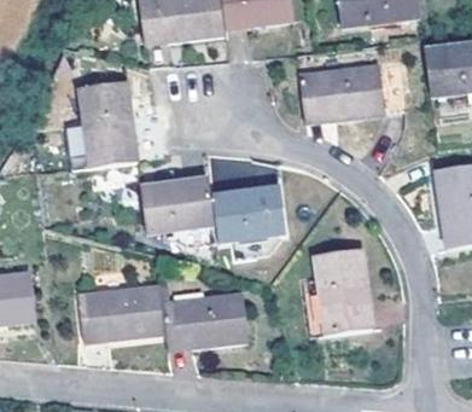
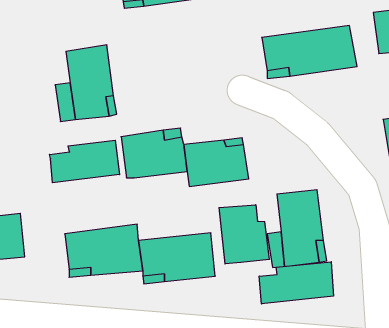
building: none -> [50,140,120,183]
building: none -> [219,205,269,264]
building: none -> [259,262,333,304]

